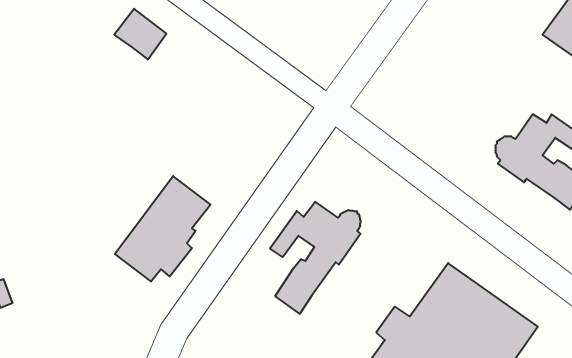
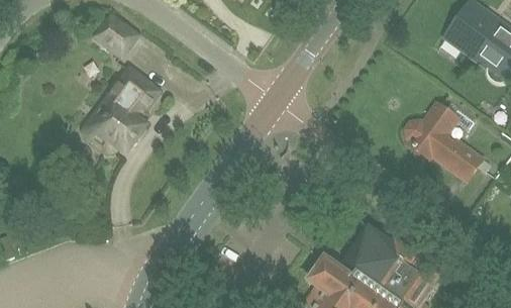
building: [115,176,211,282] -> [83,70,161,156]
building: [270,202,361,314] -> none

